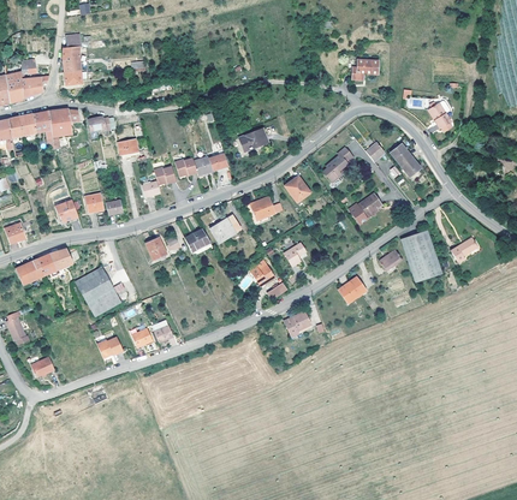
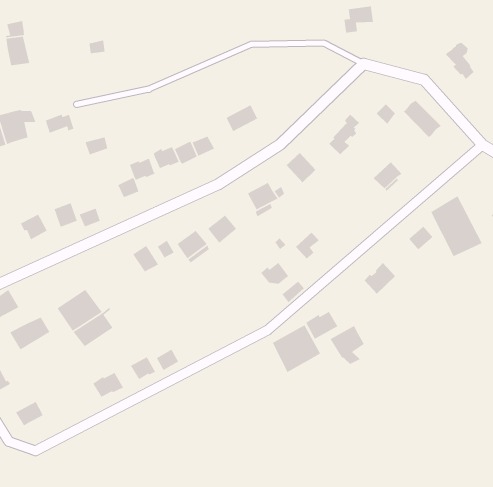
building: [37,249,72,275] -> [9,316,50,351]
building: none -> [272,324,321,373]
building: none -> [329,325,365,365]

